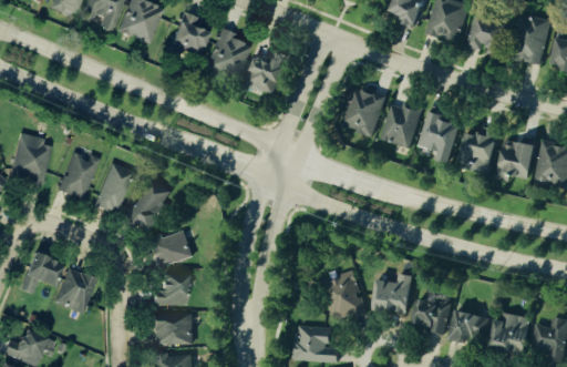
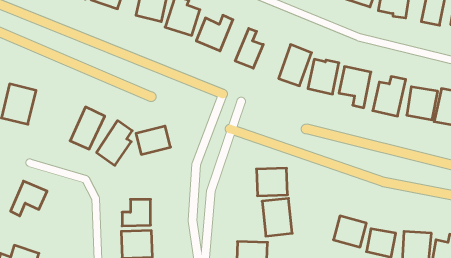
building: none -> [235,28,263,68]
building: [56,153,100,200] -> none
building: [150,232,192,266] -> [136,126,171,154]
building: [54,267,97,314] -> none
building: [374,277,412,310] -> [256,168,288,196]

